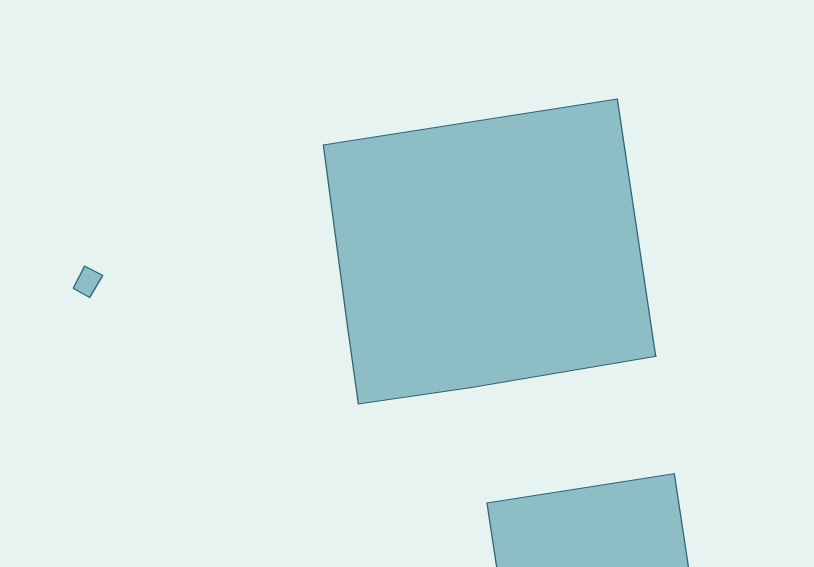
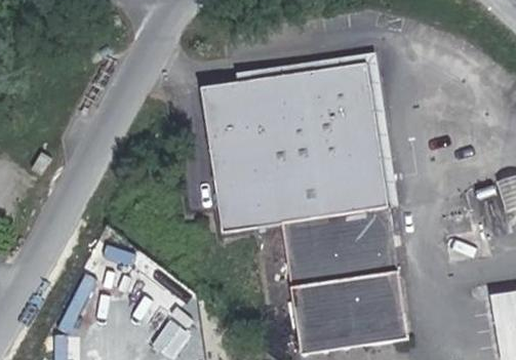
building: none -> [284,207,398,289]

